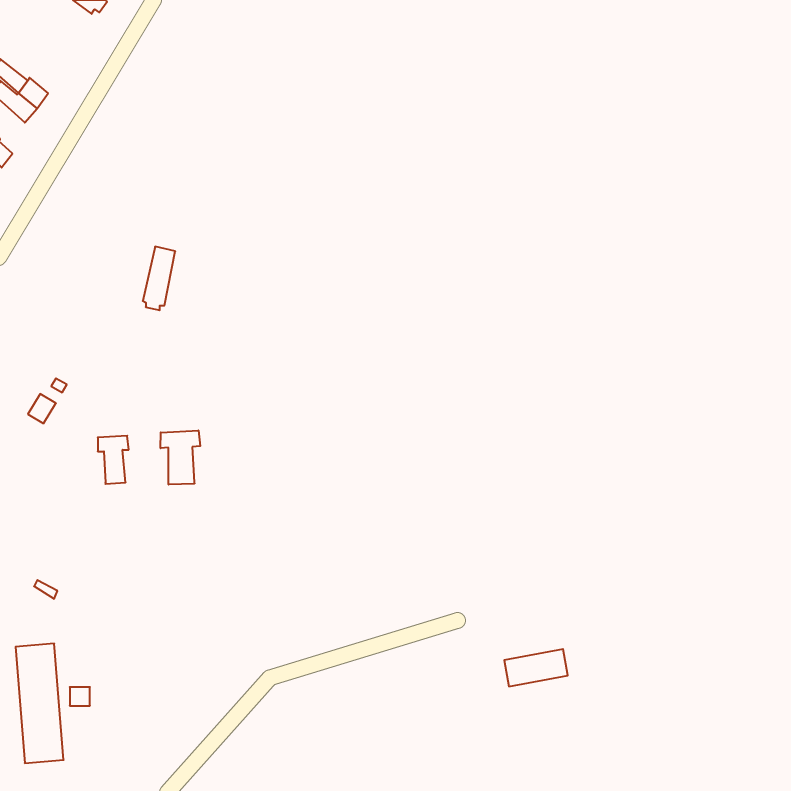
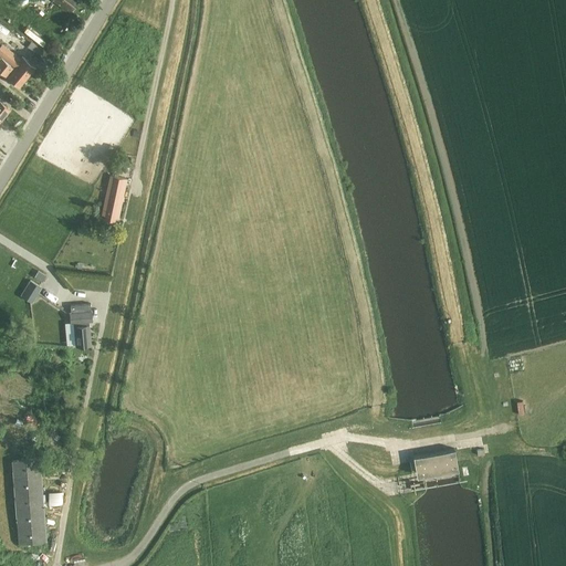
building: [161,430,200,485] -> none
building: [504,649,568,686] -> [412,450,458,476]

